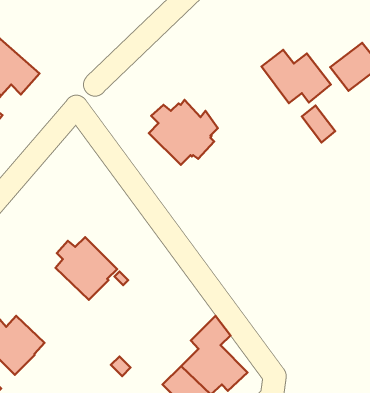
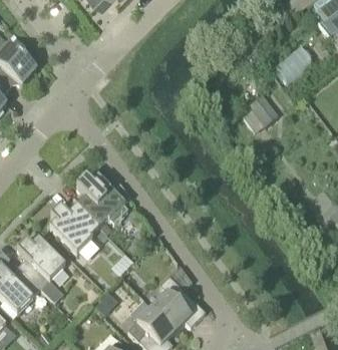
building: [261,50,331,103] -> none
building: [149,100,218,165] -> [73,173,129,227]
building: none -> [16,237,65,301]

